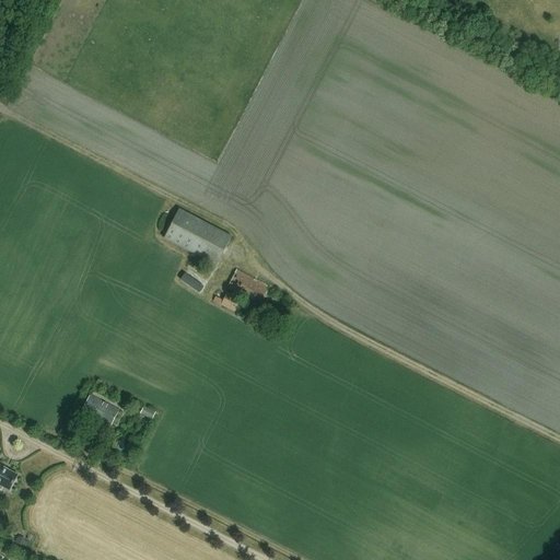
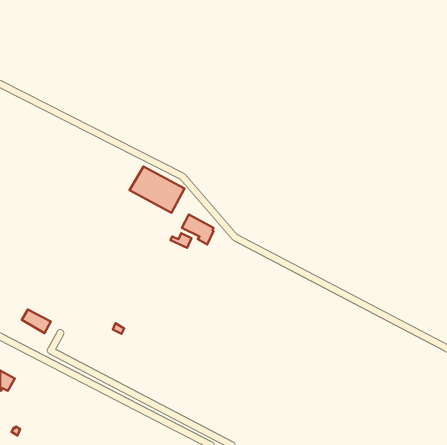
building: [83,394,119,423] -> [22,309,51,333]

